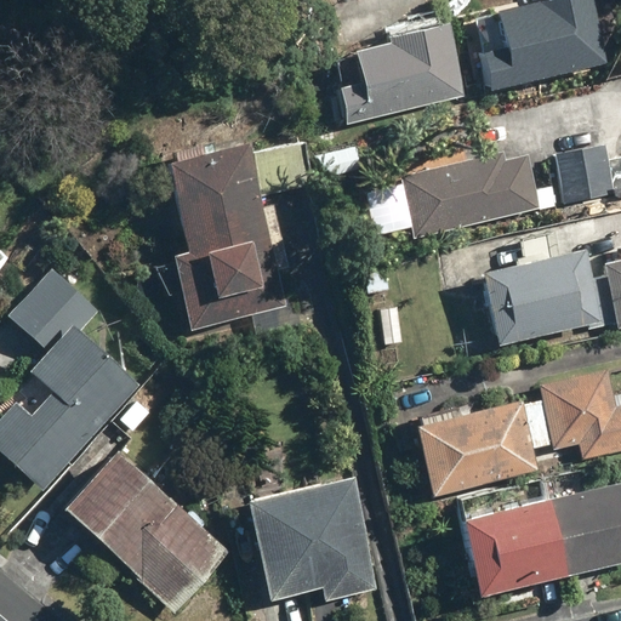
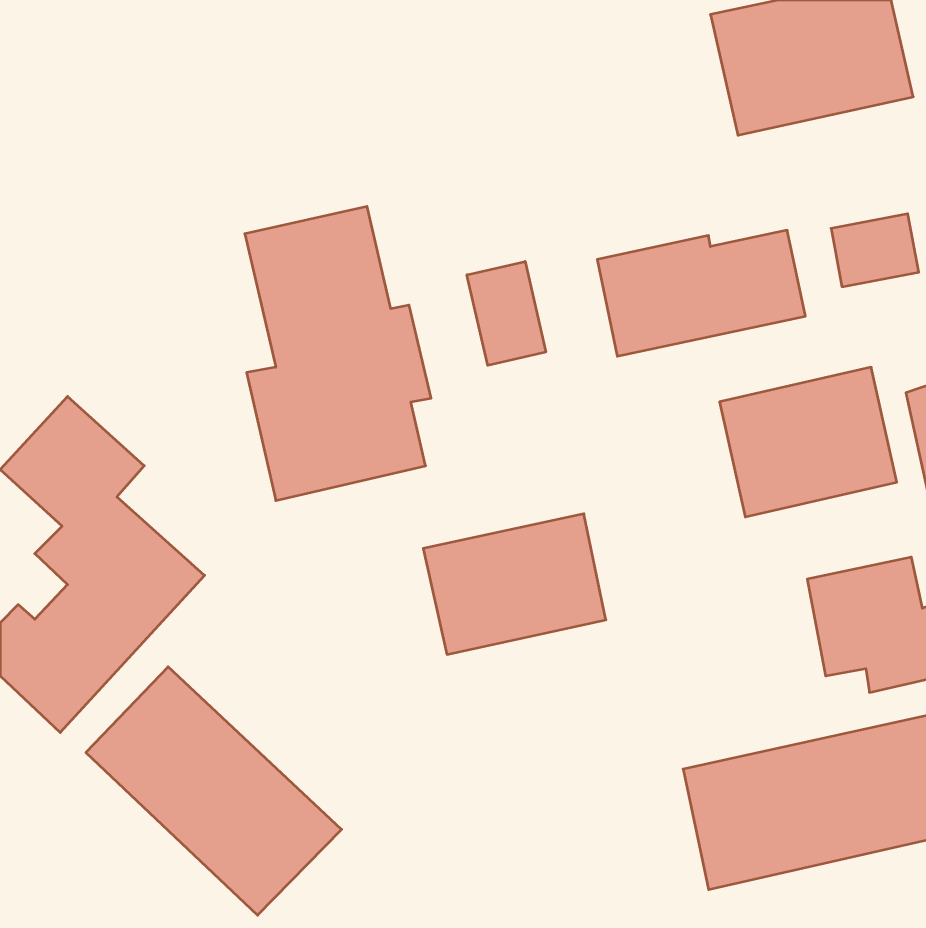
building: [330,23,465,125] -> none
building: none -> [467,261,546,365]
building: [417,404,539,497] -> [423,514,606,654]
building: [246,473,380,602] -> none

